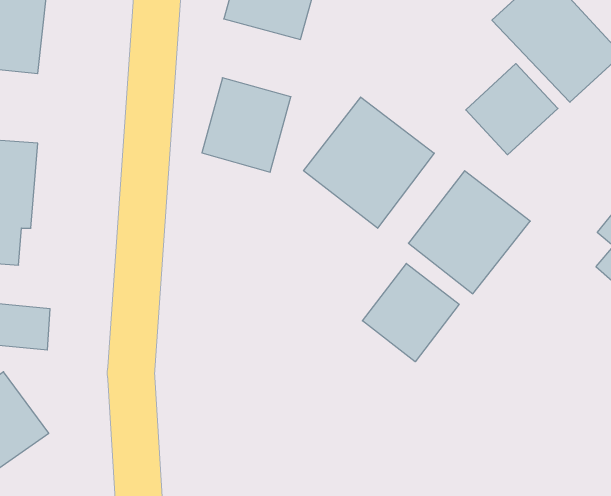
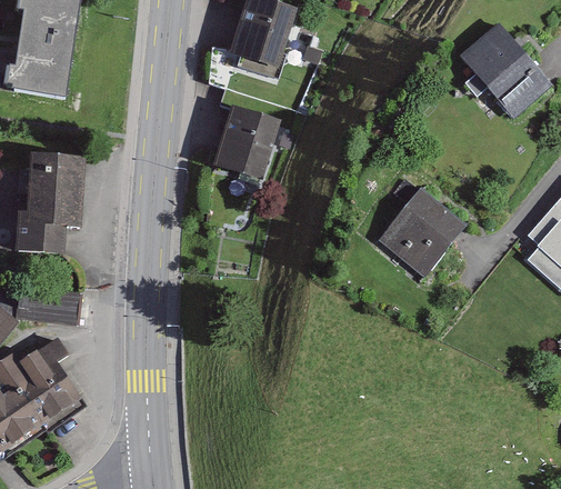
building: [466,64,558,155] -> none
building: [304,97,434,228] -> none
building: [362,263,459,362] -> none

